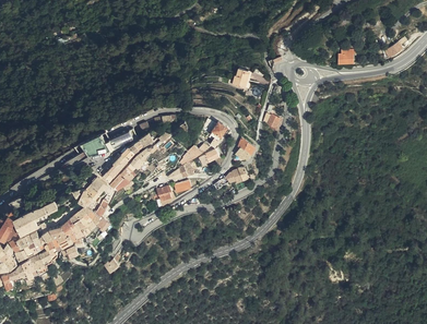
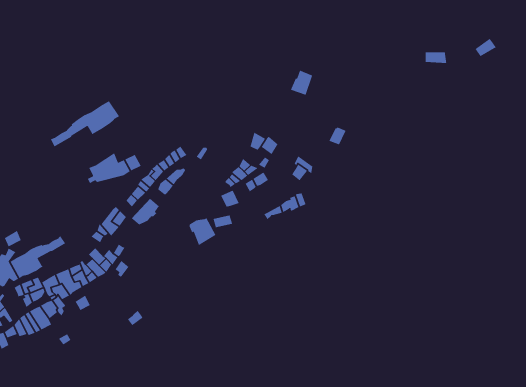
building: none -> [50,100,120,147]

